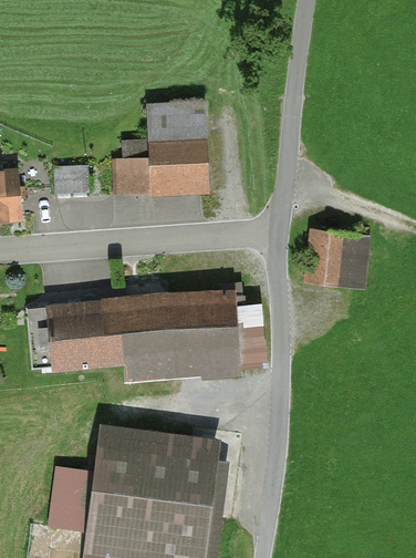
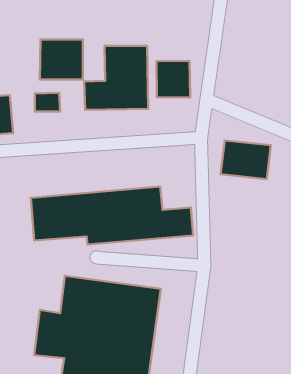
building: none -> [40,40,83,80]
building: none -> [156,61,190,97]

